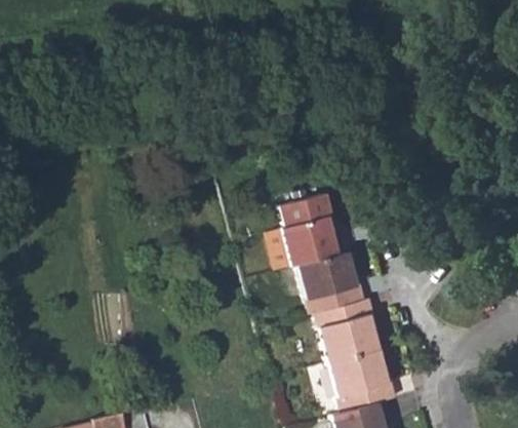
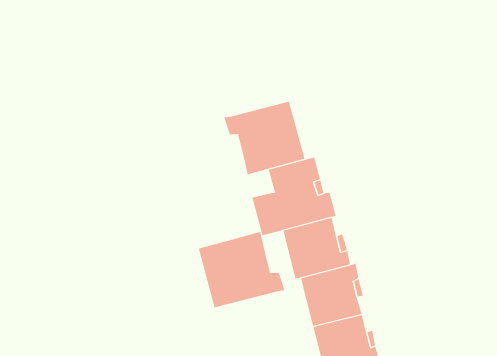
building: none -> [224,101,305,175]
building: none -> [198,231,285,308]

